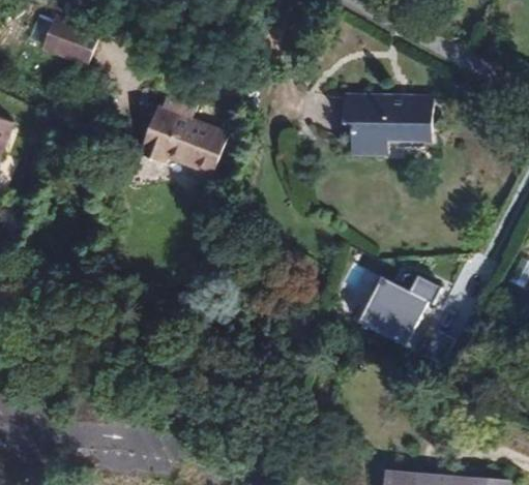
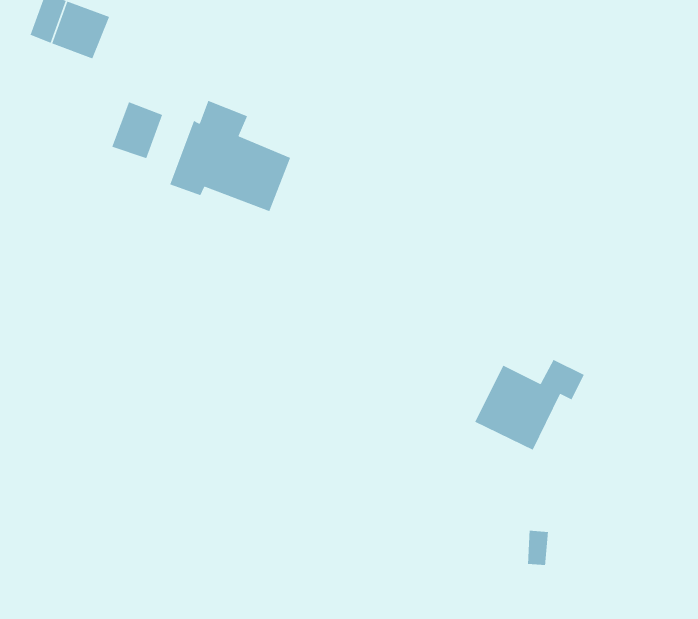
building: none -> [111,101,163,159]
building: [341,104,430,160] -> none

